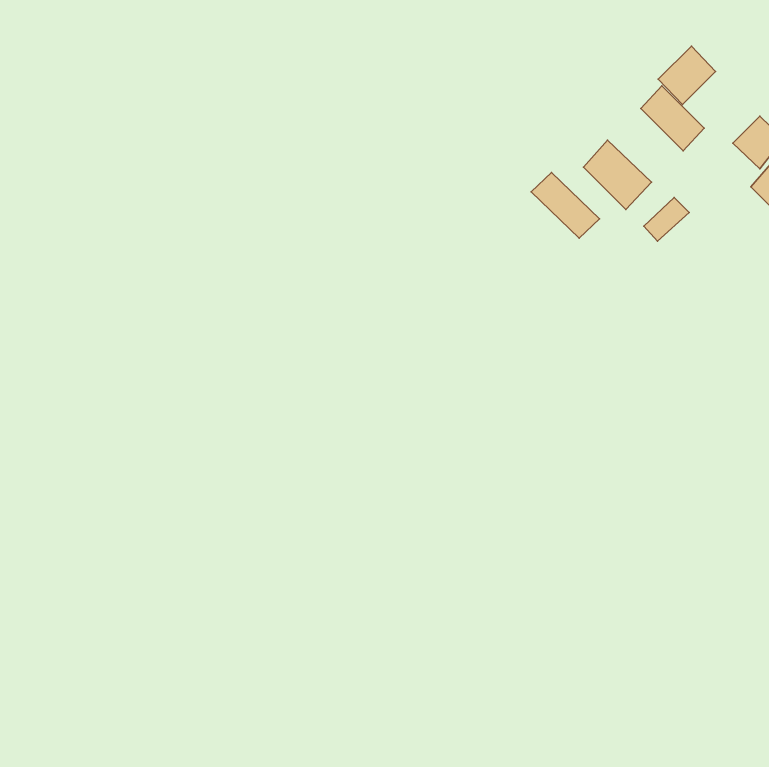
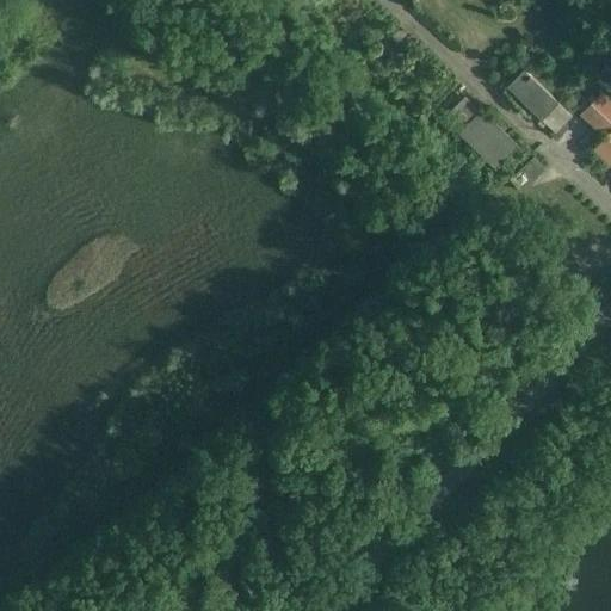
building: [658,46,715,104] -> none
building: [531,172,600,238] -> none

